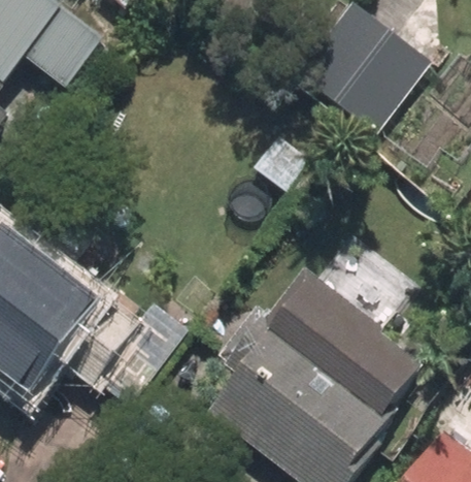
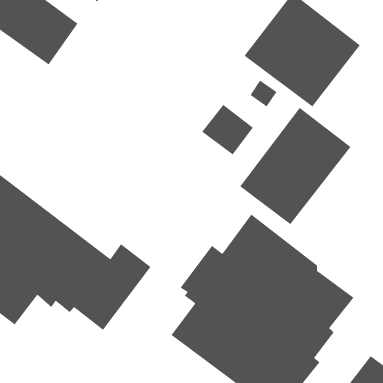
building: none -> [239,107,352,225]

